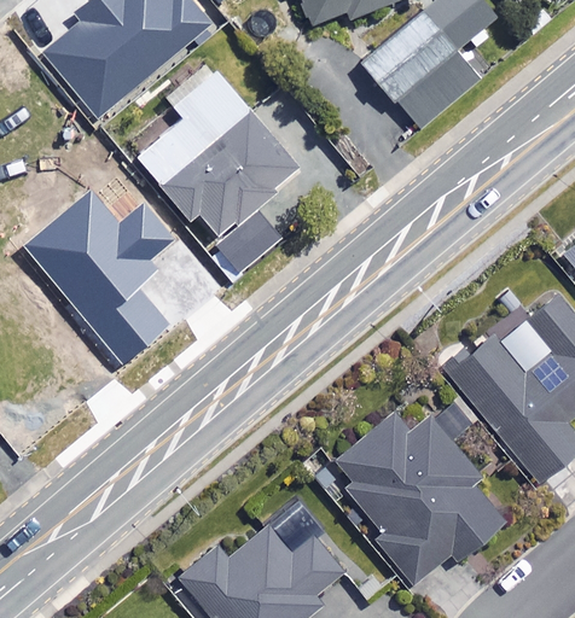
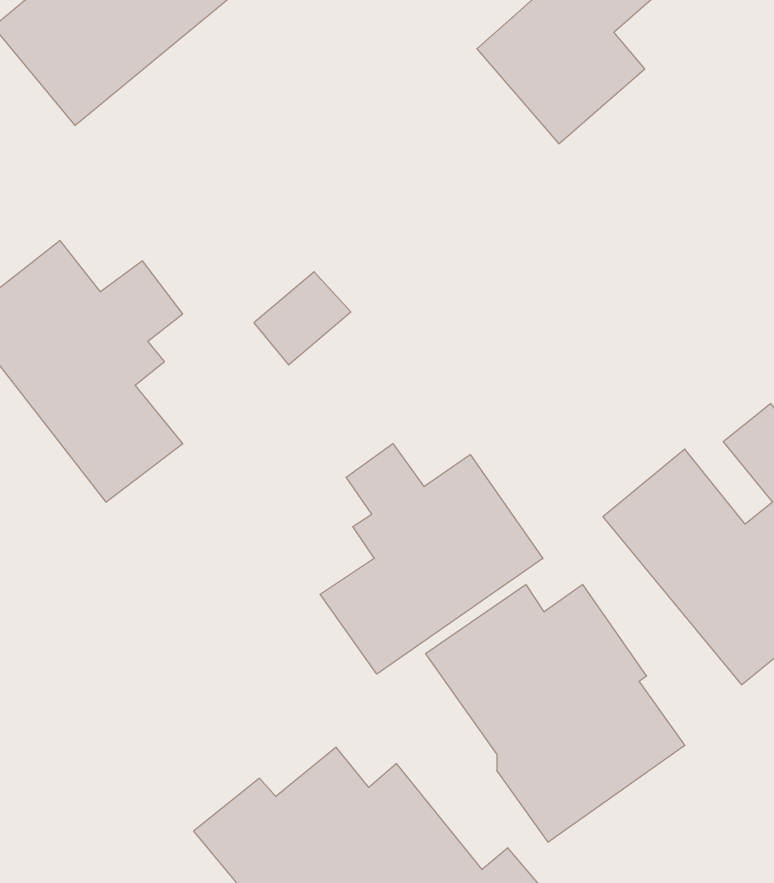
building: [137,71,298,237] -> none
building: none -> [320,444,543,674]

